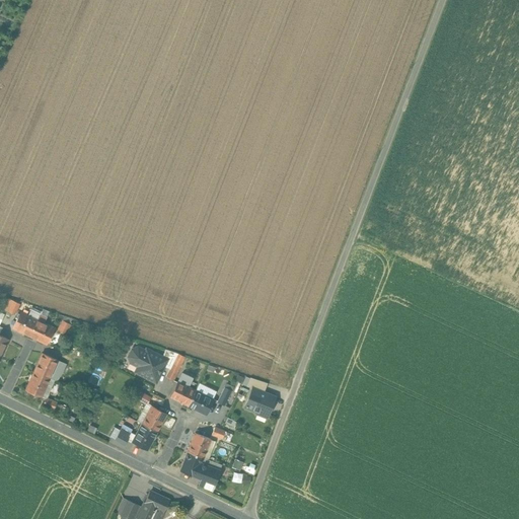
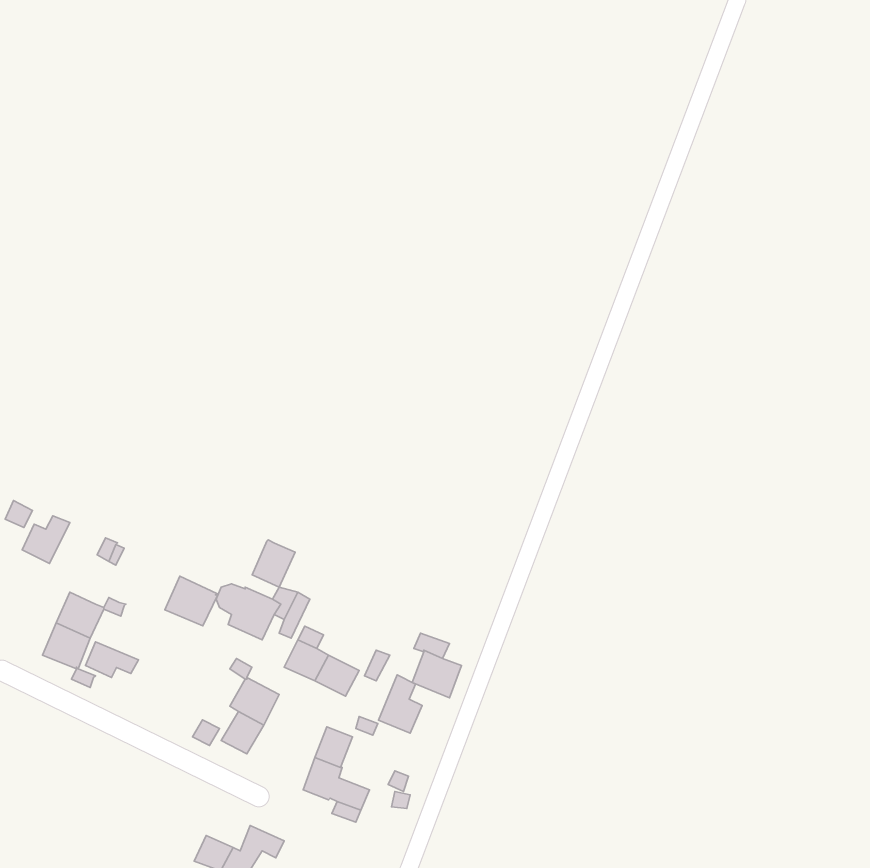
building: [29,310,54,345] -> none
building: none -> [252,540,295,587]
building: none -> [165,576,218,626]
building: none -> [85,642,138,677]
building: none -> [378,675,422,733]

